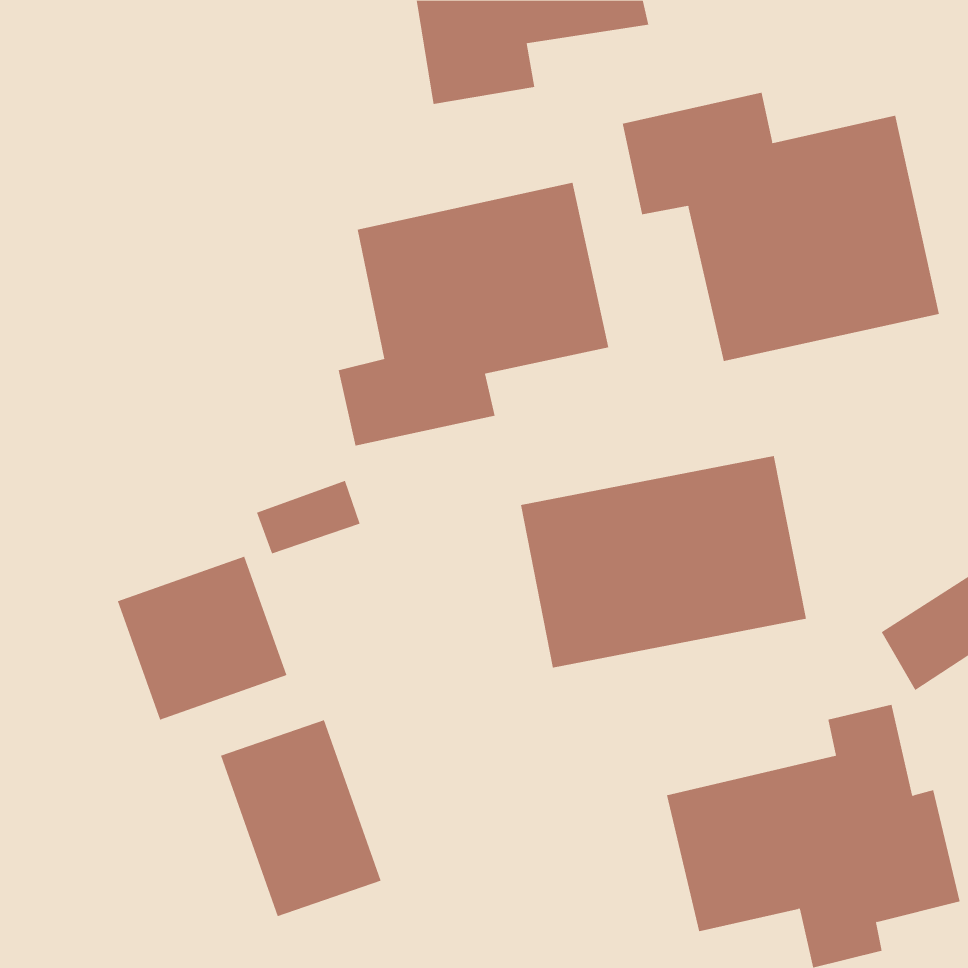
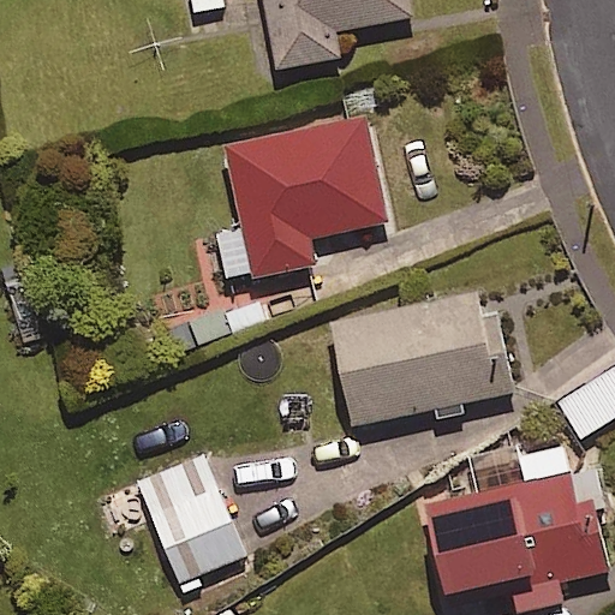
building: [622,92,940,362] -> none
building: [117,556,287,720] -> none

